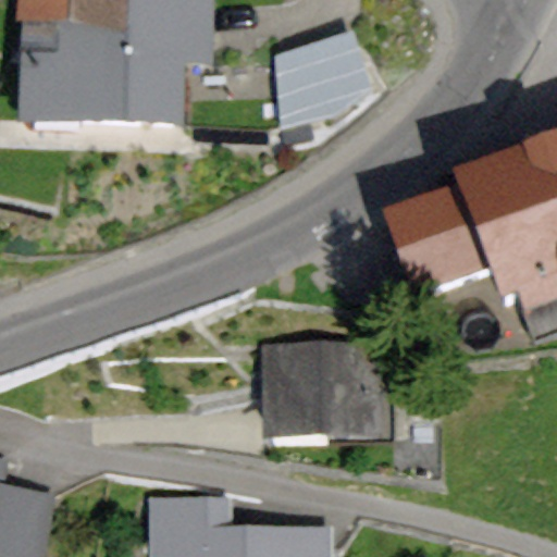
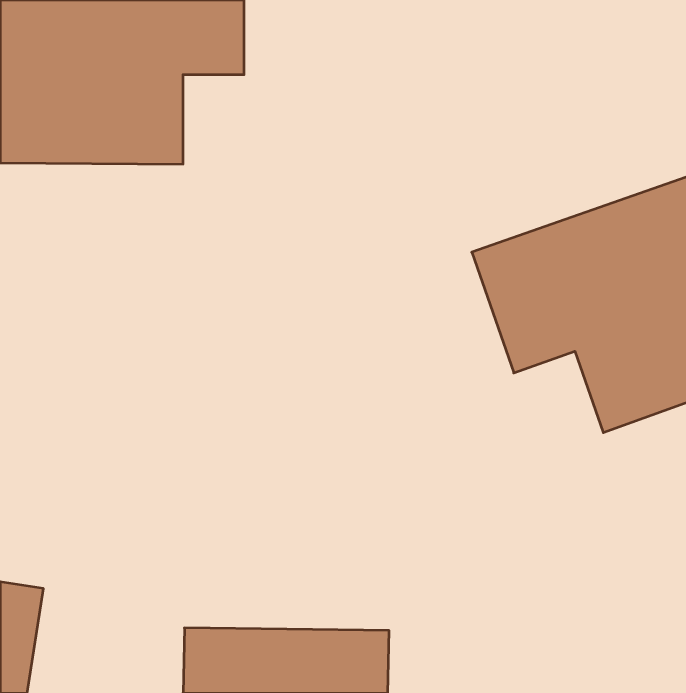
building: [274,23,382,119] -> none
building: [260,345,393,445] -> none

